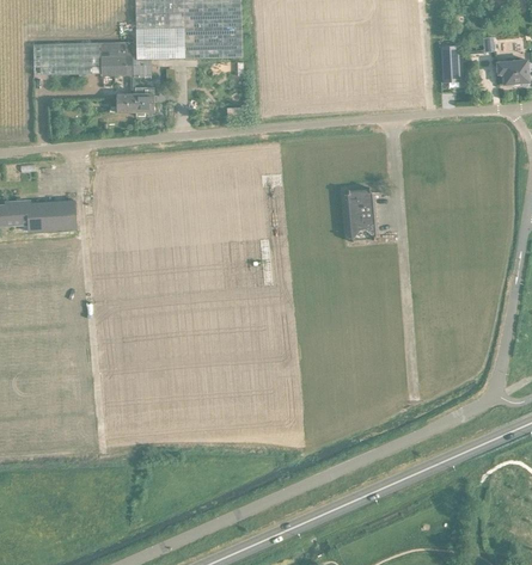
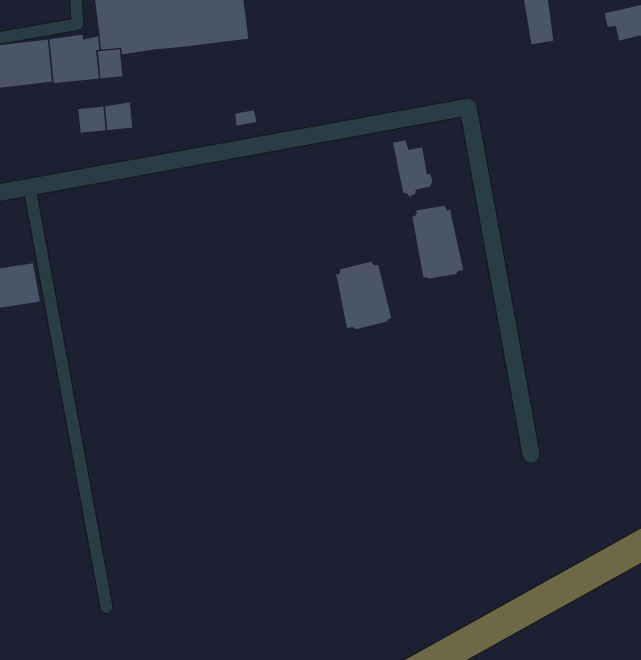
building: none -> [392,139,433,197]
building: none -> [335,260,392,330]

